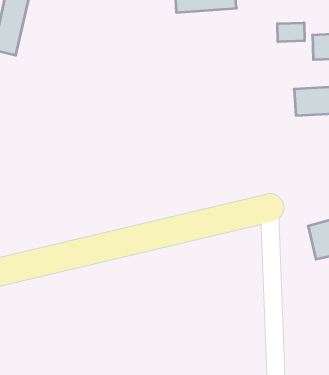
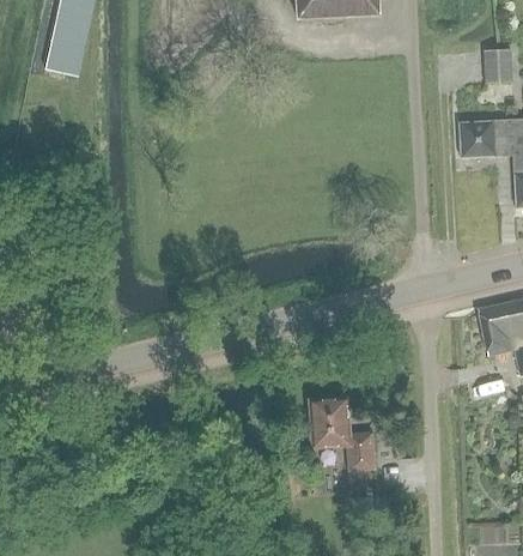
building: [277,23,304,42] -> none
building: none -> [311,400,373,469]

